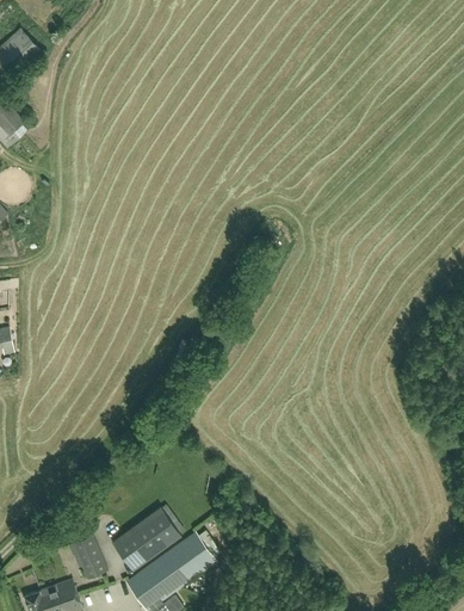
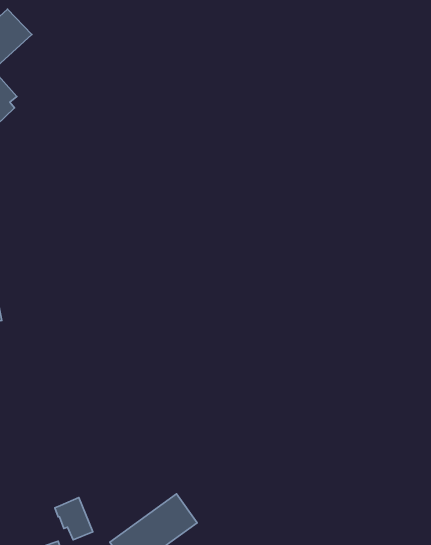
building: [111,506,180,570] -> none

